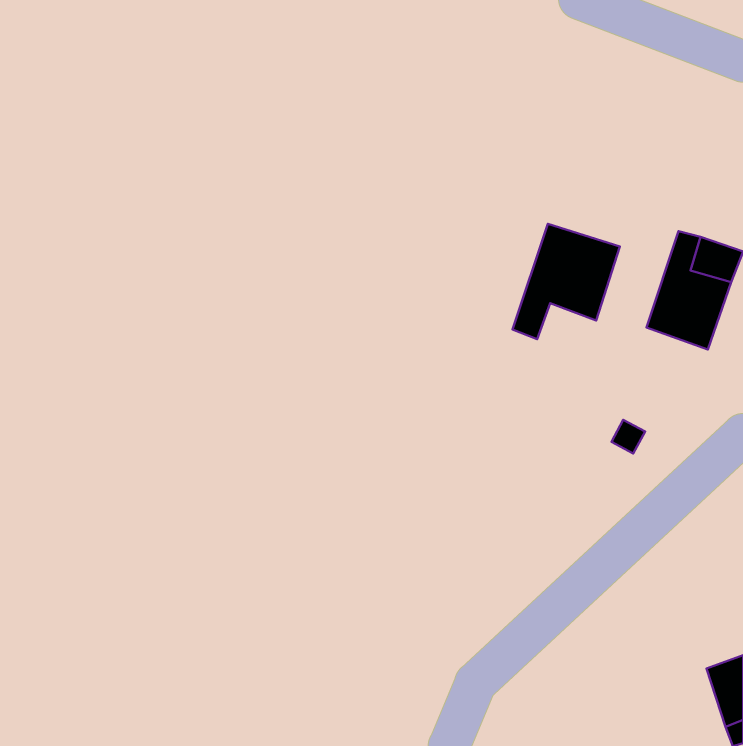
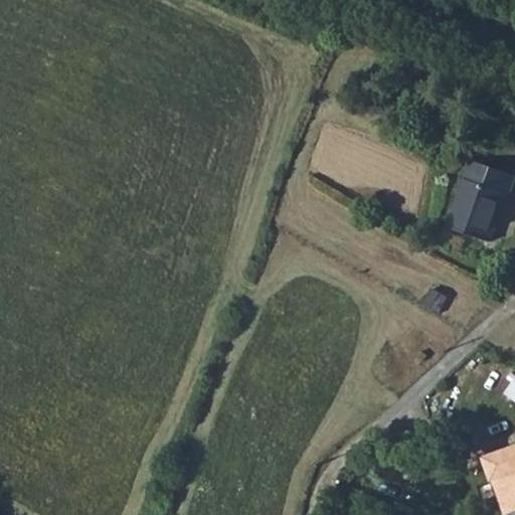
building: [513,224,620,339] -> none

